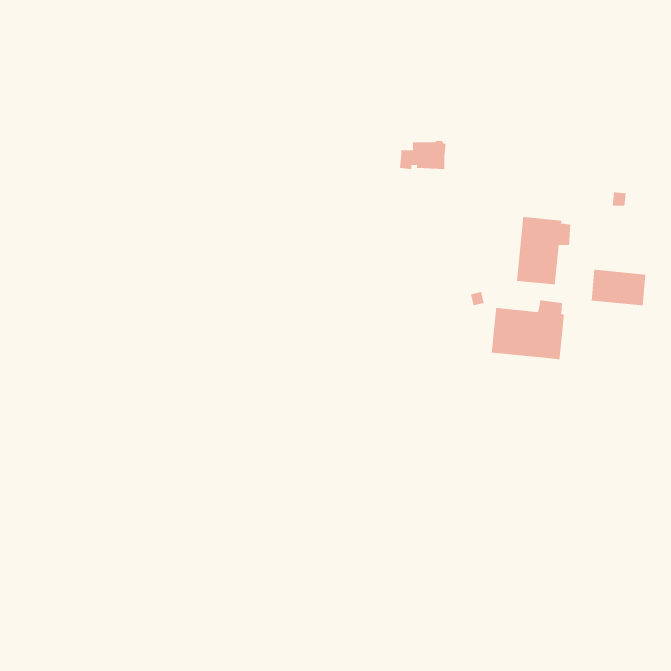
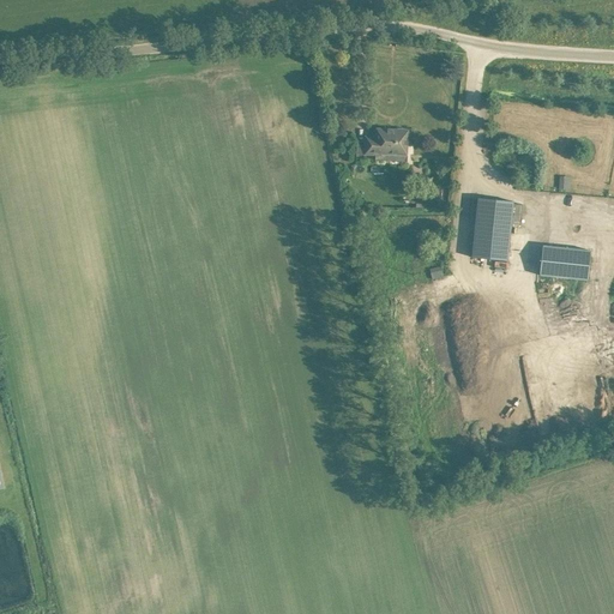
building: [491,299,564,360] -> none

